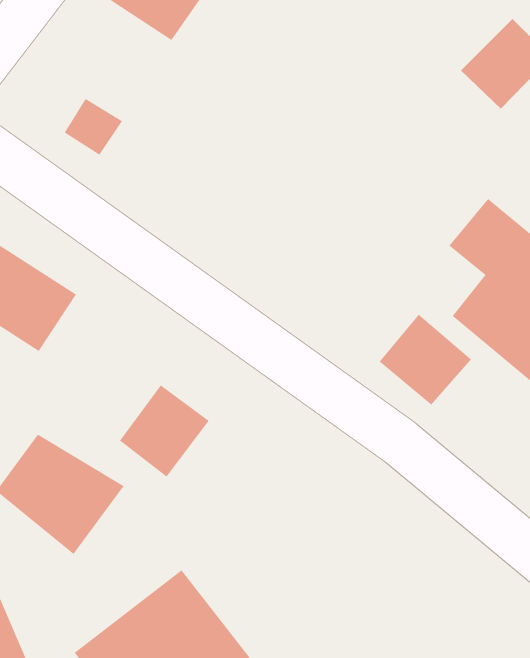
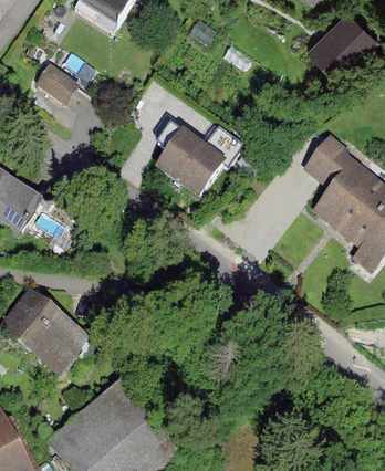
building: none -> [152,134,223,202]
building: [379,314,472,406] -> none
building: [119,385,210,478] -> none

